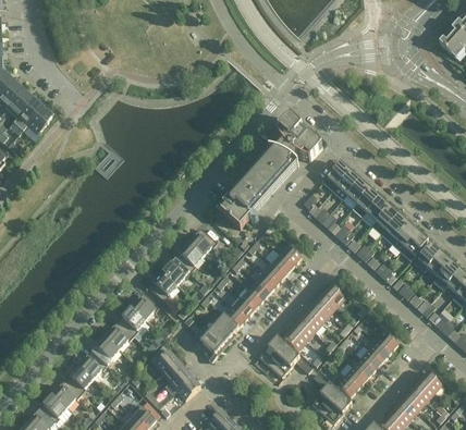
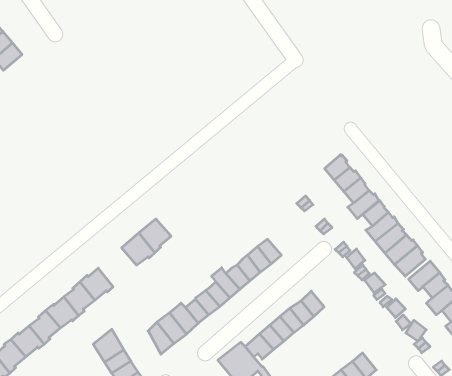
building: [221,121,321,226] -> none
building: [187,226,217,255] -> none
building: [147,271,176,300] -> none

